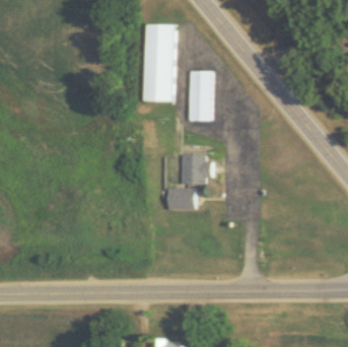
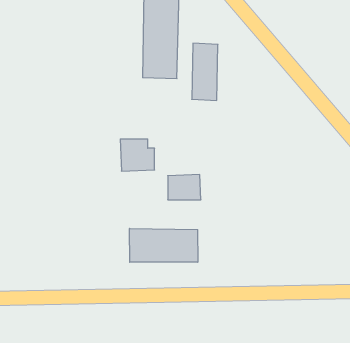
building: [182,154,212,183] -> [120,139,155,171]
building: none -> [130,228,198,262]

